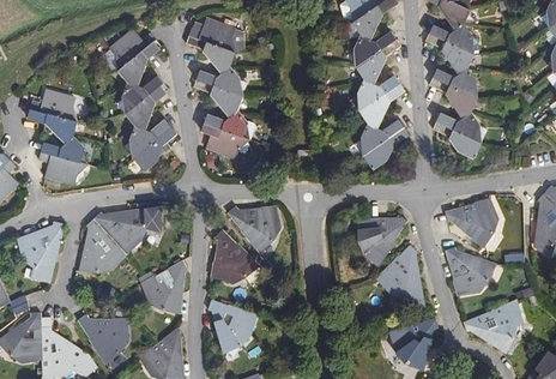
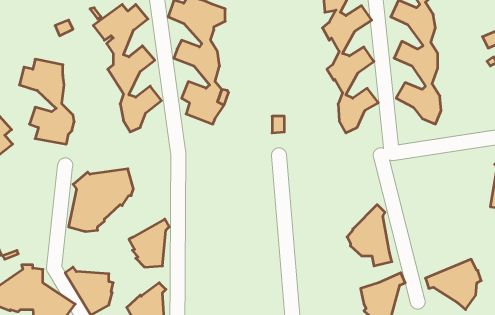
building: [443,200,498,251] -> none
building: [225,204,276,252] -> none
building: [356,215,409,266] -> none
building: [17,218,65,282] -> none
building: [211,227,271,283] -> none
building: [443,247,496,295] -> none
building: [206,301,250,350] -> none

